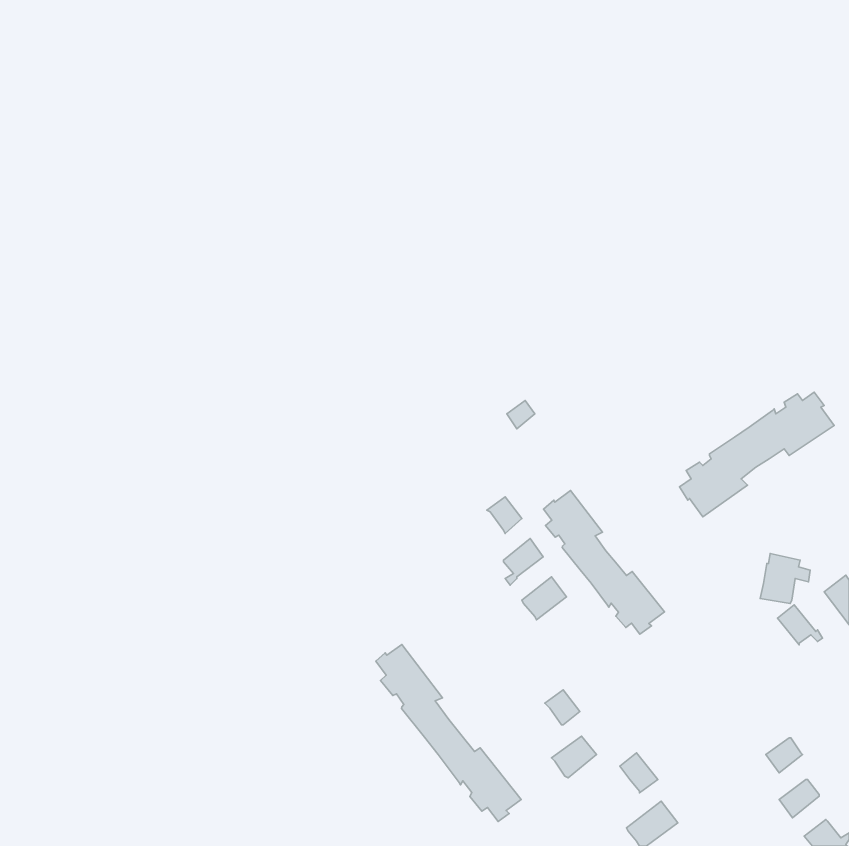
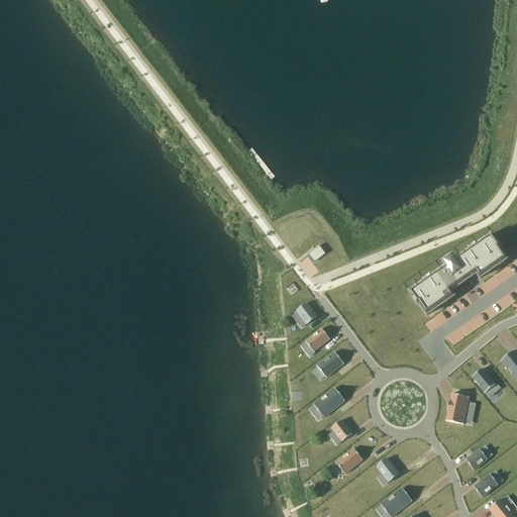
building: [543,491,665,634] -> none
building: [760,553,810,603] -> [445,393,476,423]
building: none -> [313,387,345,417]
building: [376,644,521,821] -> none

